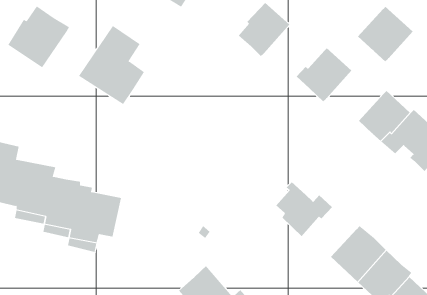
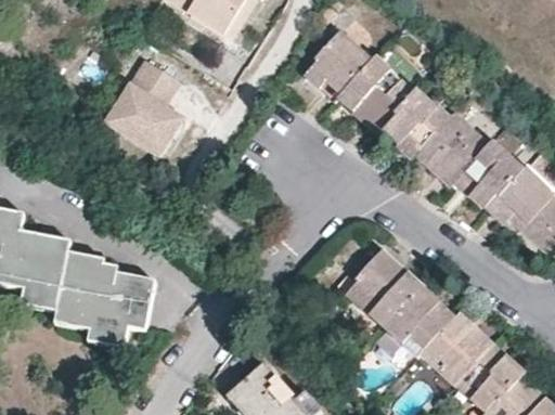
building: [8,6,70,68] -> none
building: [357,6,413,62] -> [416,113,488,184]
building: none -> [337,54,413,128]
building: none -> [385,289,454,356]

